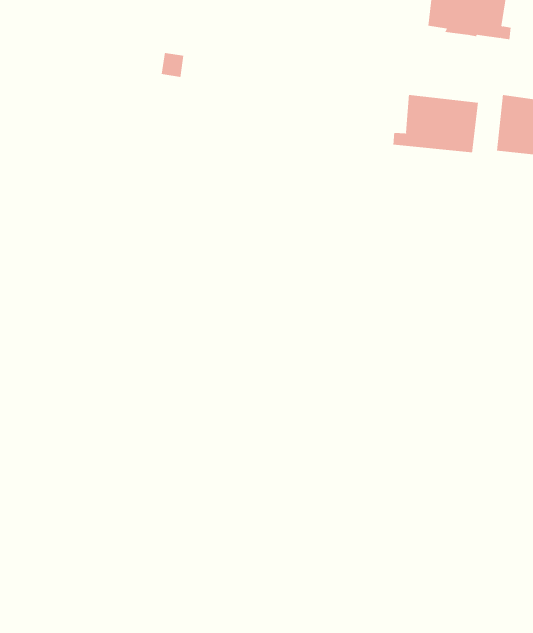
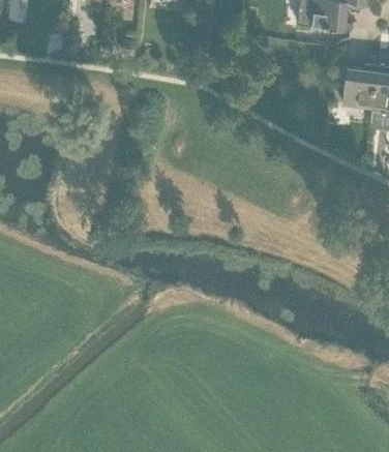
building: [393,94,479,153] -> none

